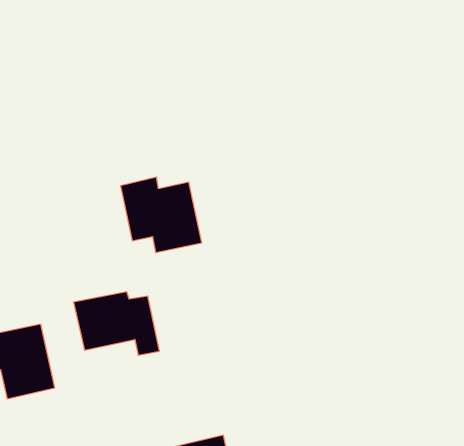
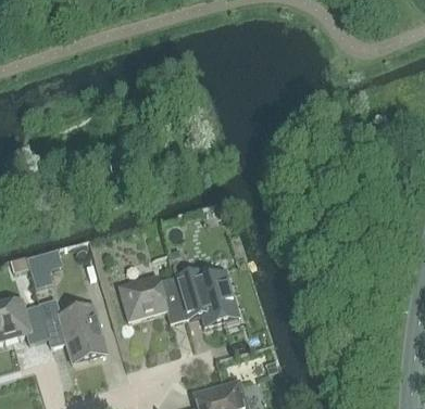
building: [120,177,202,253] -> [174,268,239,325]

